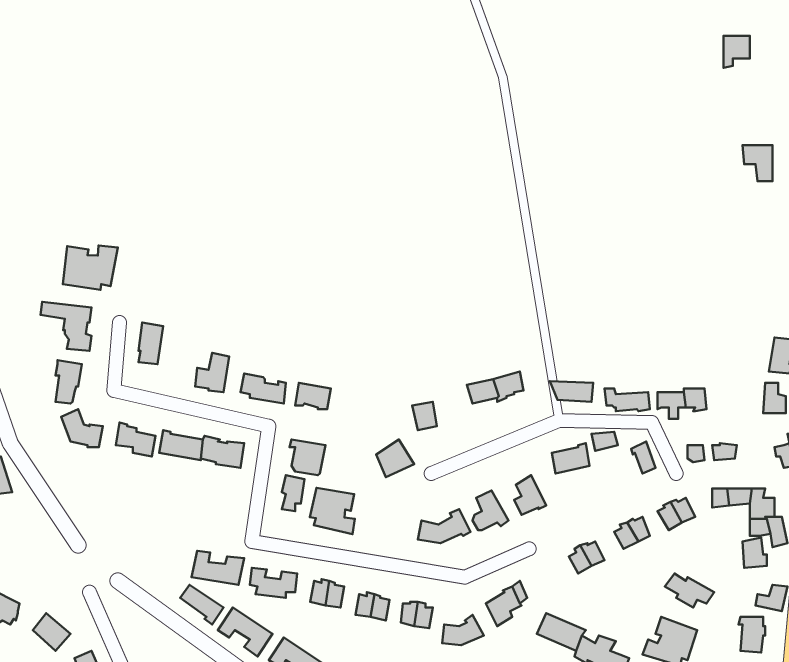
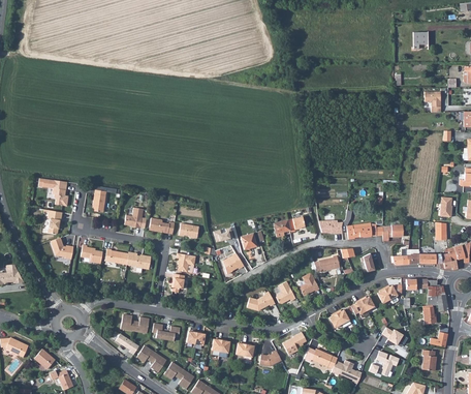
building: [63,245,118,290] -> none
building: [310,488,355,534] -> none

